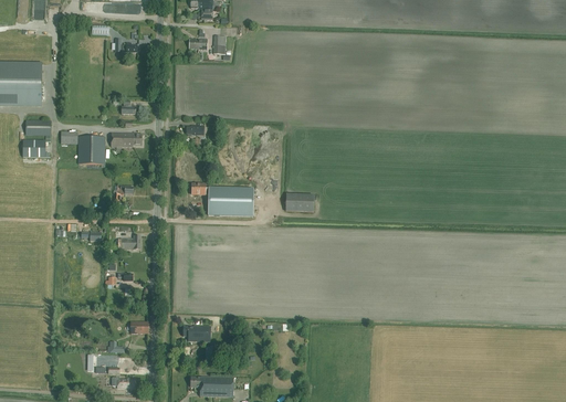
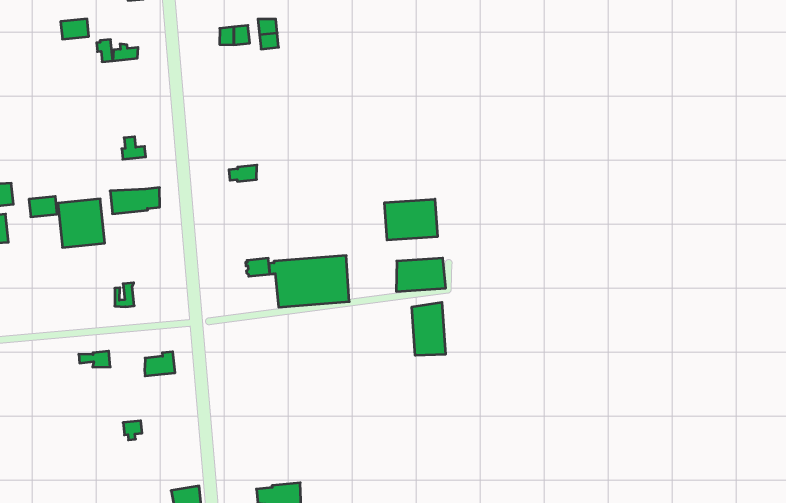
building: none -> [385,199,437,240]
building: none -> [412,302,445,355]

